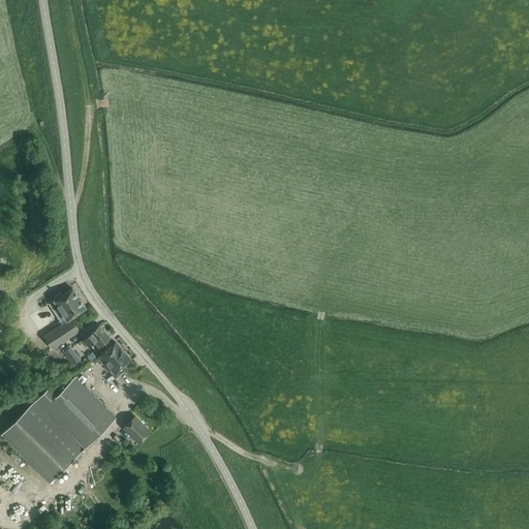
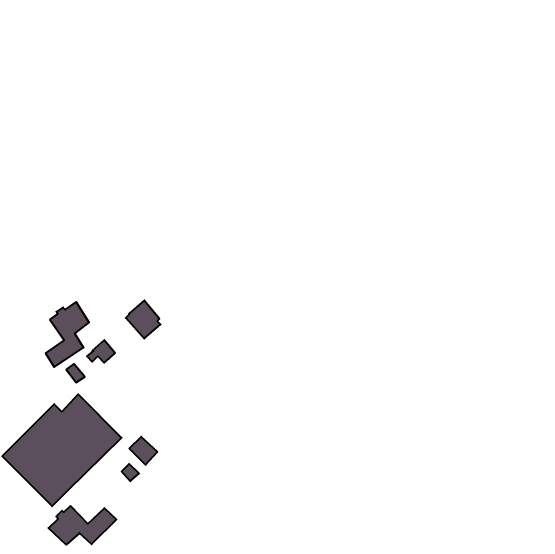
building: [97,342,130,378] -> [126,300,161,339]
building: none -> [48,506,116,545]

